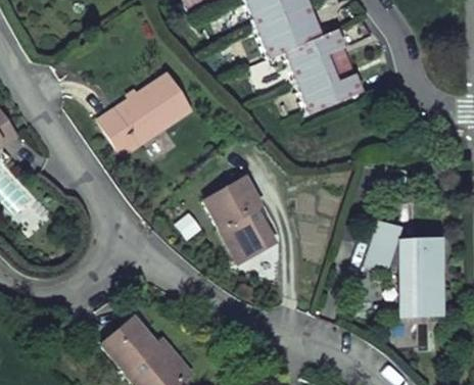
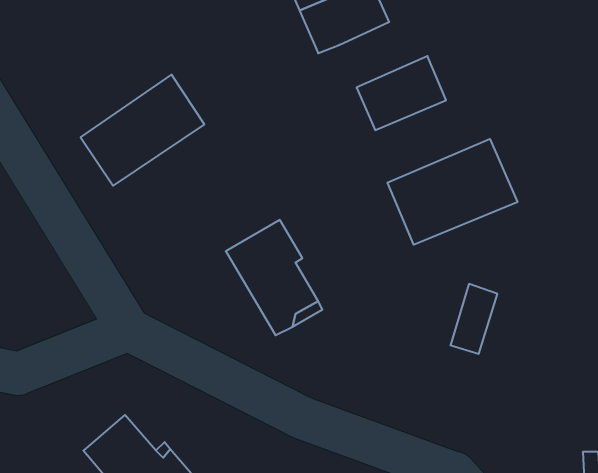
building: [286,30,349,83] -> none
building: none -> [388,139,517,245]
building: [400,242,440,316] -> none

